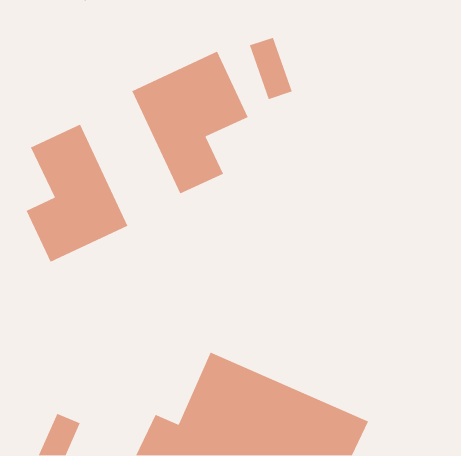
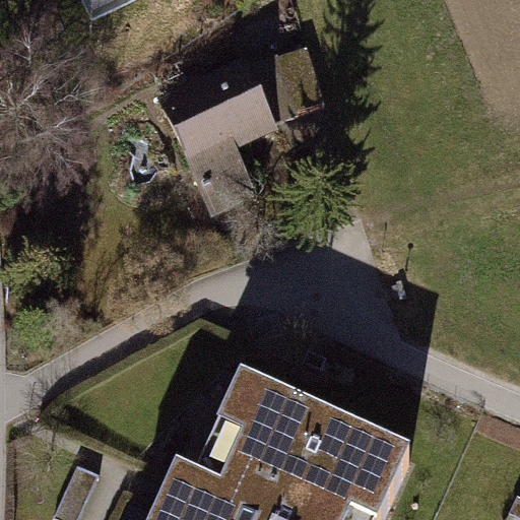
building: [25,123,129,263] -> none

